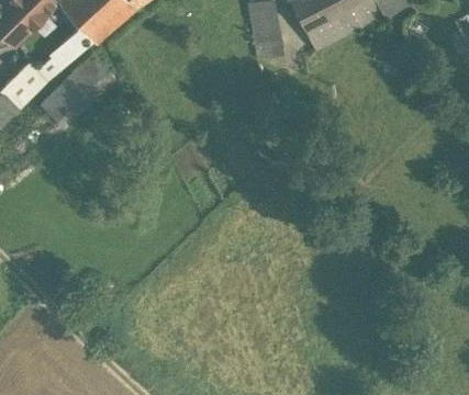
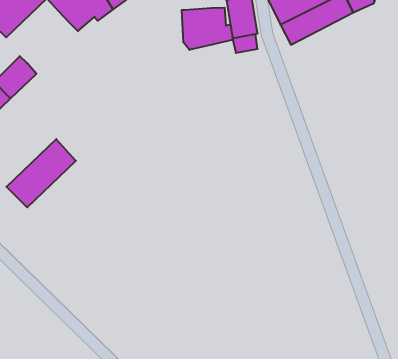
building: none -> [182,8,233,50]
building: [37,24,93,80] -> none
building: [41,52,114,124] -> [6,139,76,207]

